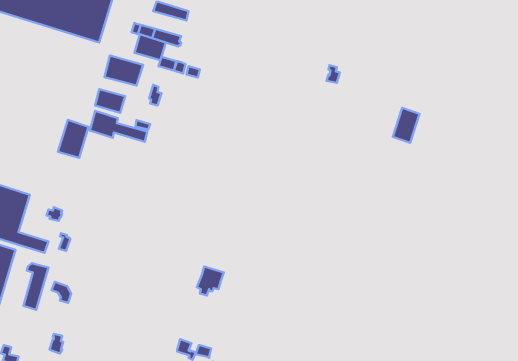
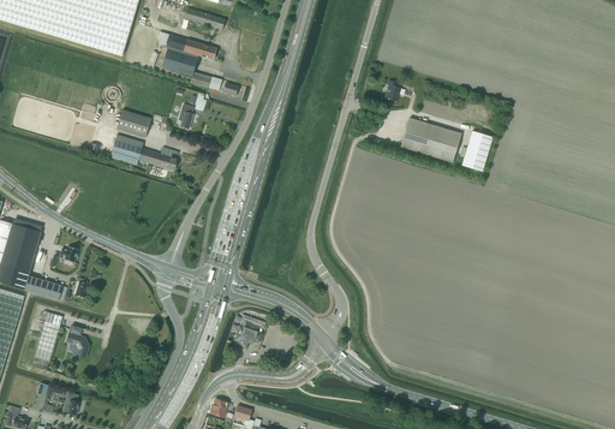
building: [105,55,143,86] -> none
building: none -> [401,118,461,162]
building: [58,120,89,158] -> none

